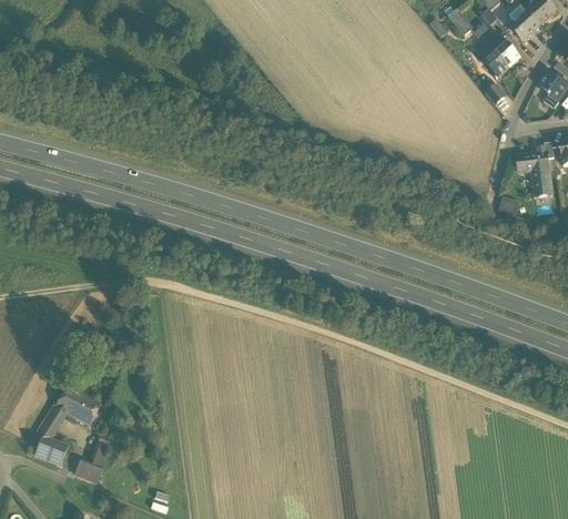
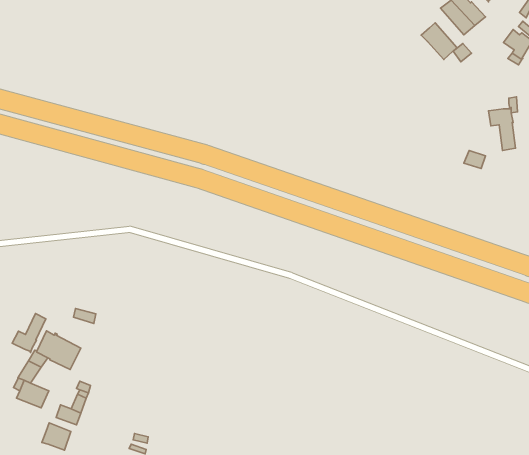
building: none -> [421,23,457,60]
building: none -> [12,313,46,352]
building: none -> [42,423,71,450]

